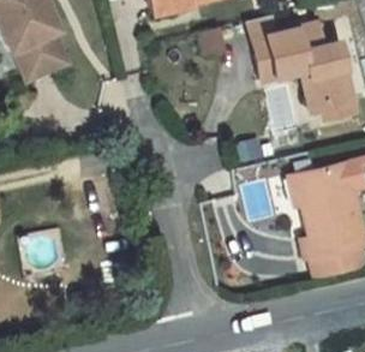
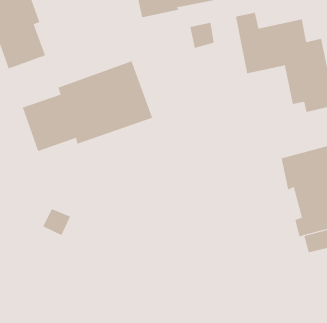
building: none -> [22,61,153,152]

